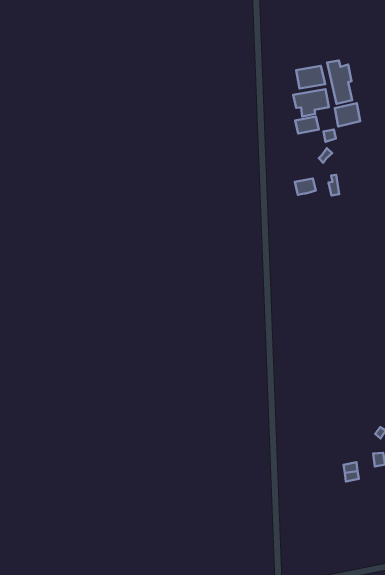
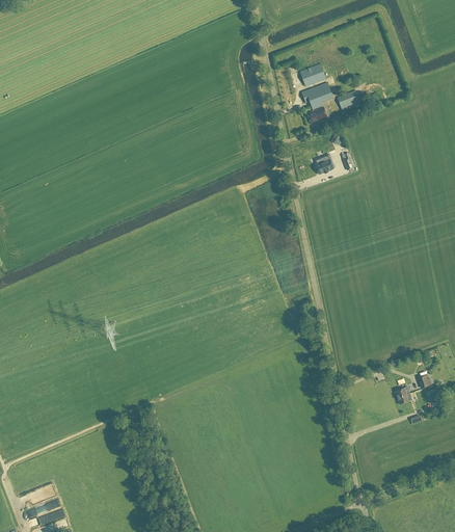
building: [327,61,352,104] -> none

